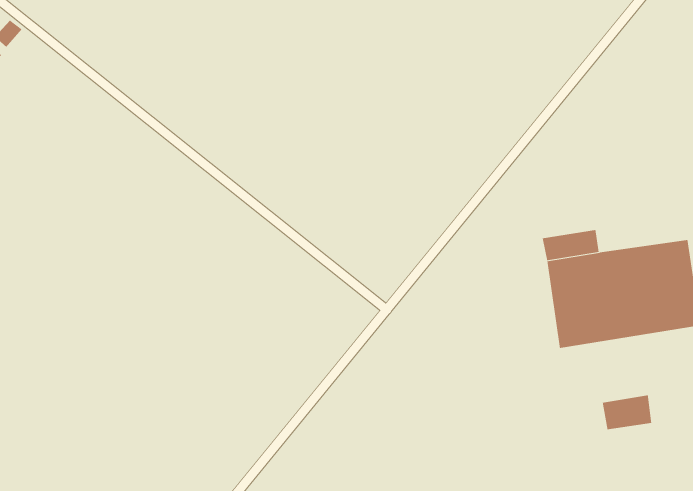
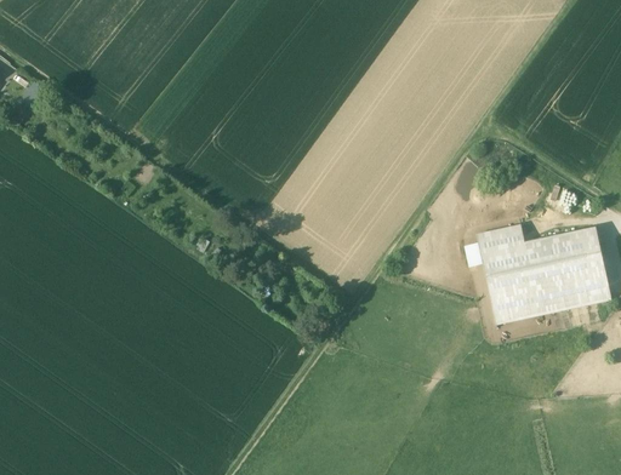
building: [602,395,652,430] -> none

